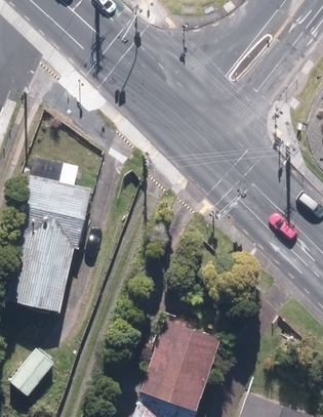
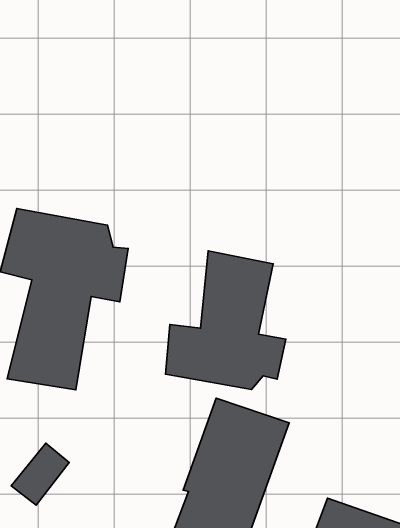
building: none -> [166,251,286,390]

